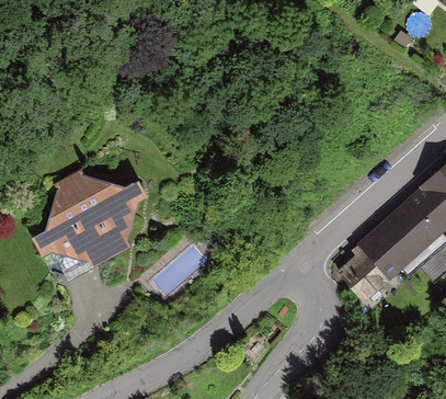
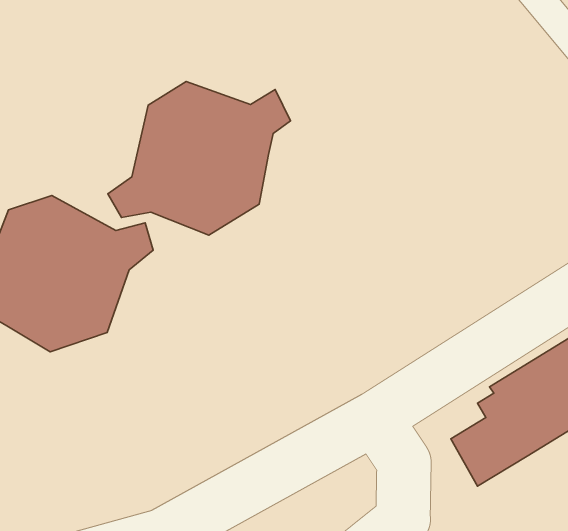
building: none -> [108,82,291,235]

